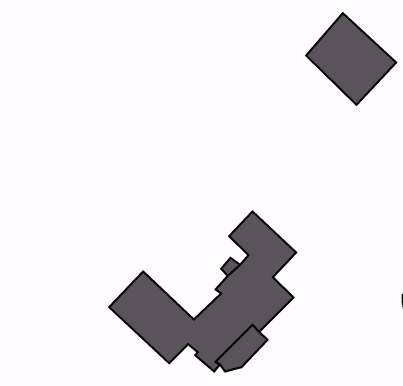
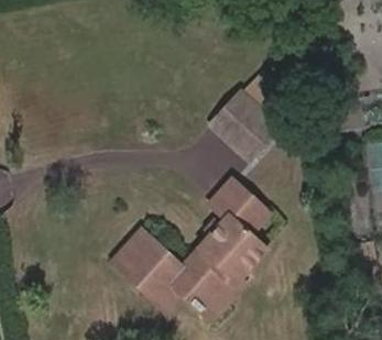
building: [306,13,396,105] -> [212,89,285,163]

